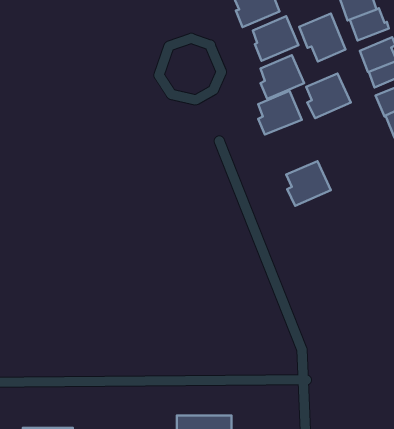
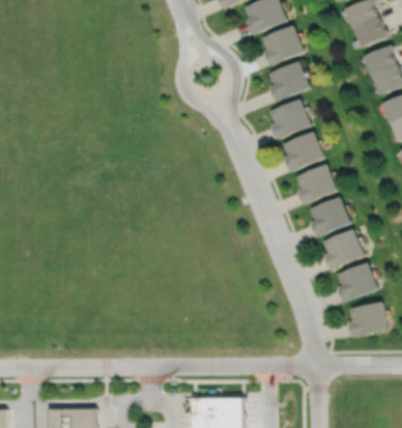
building: [299,13,346,62] -> none
building: [306,73,351,118] -> [281,129,322,170]
building: none -> [308,195,348,235]
building: none -> [321,227,362,267]
building: none -> [336,260,375,301]
building: none -> [347,299,385,336]

